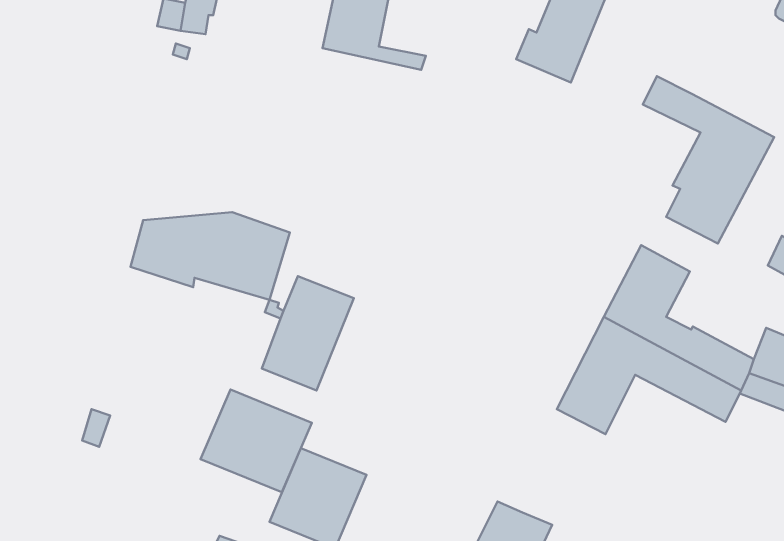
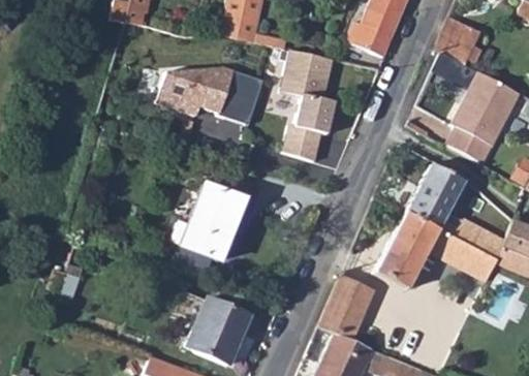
building: none -> [437,17,480,63]
building: none -> [281,49,335,160]
building: [131,212,290,300] -> [160,63,266,121]
building: [201,390,312,492] -> none
building: none -> [320,274,375,340]

